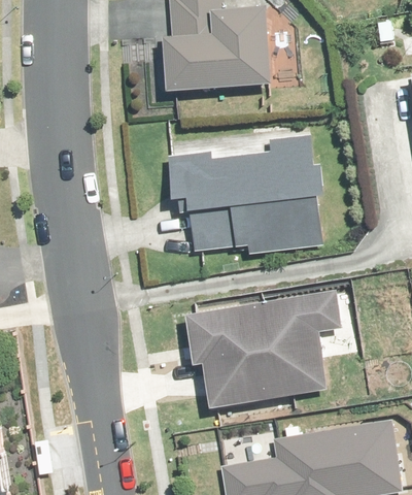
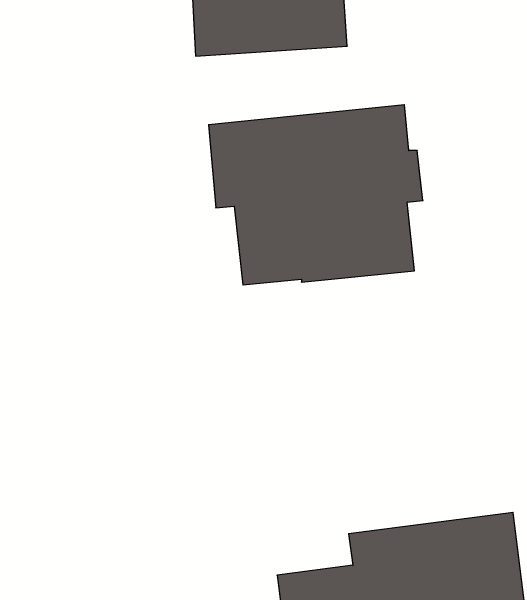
building: [188,292,339,406] -> none

